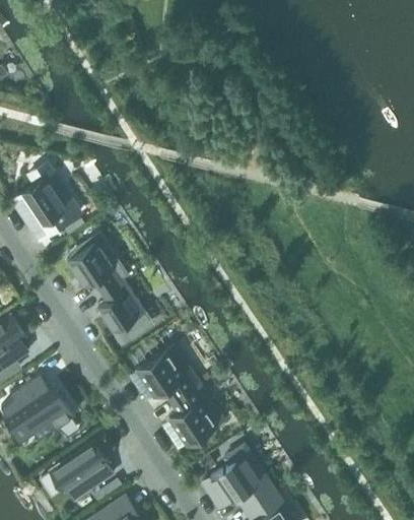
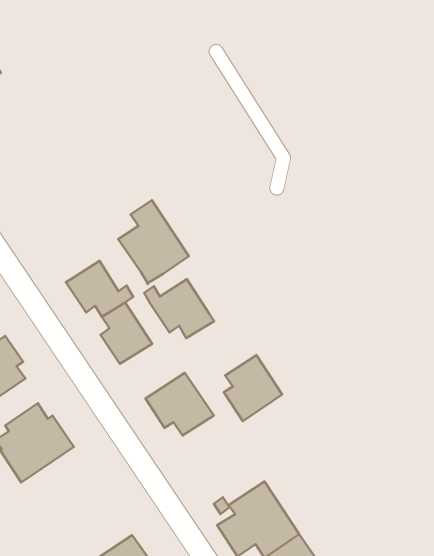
building: [17,161,81,238] -> [118,200,189,284]
building: none -> [144,279,214,338]
building: [170,385,223,445] -> [224,355,282,421]
building: [48,439,115,502] -> none

